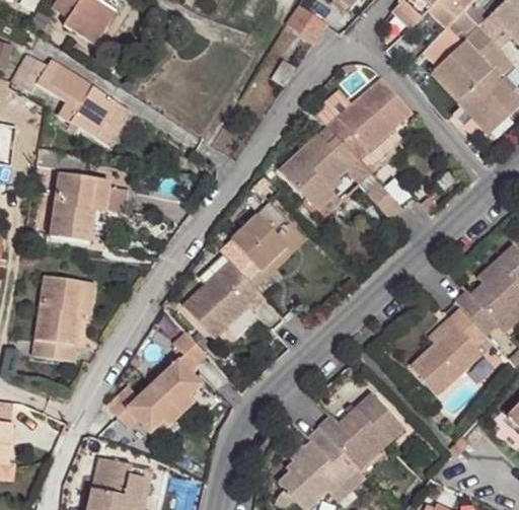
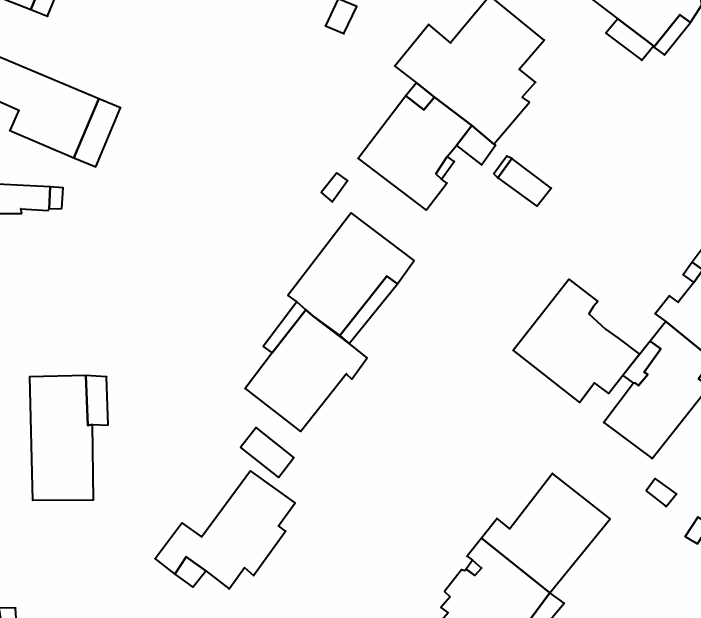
building: [51,172,128,241] -> none
building: none -> [513,279,640,402]

